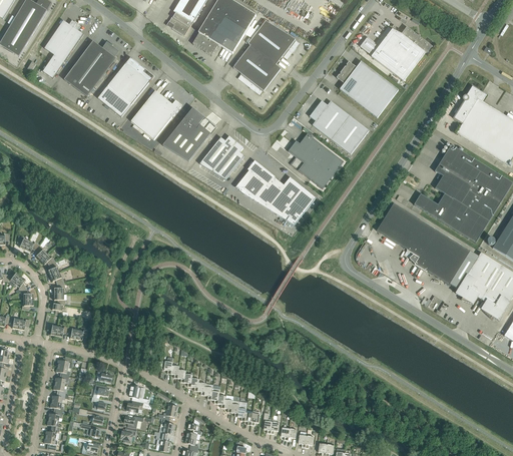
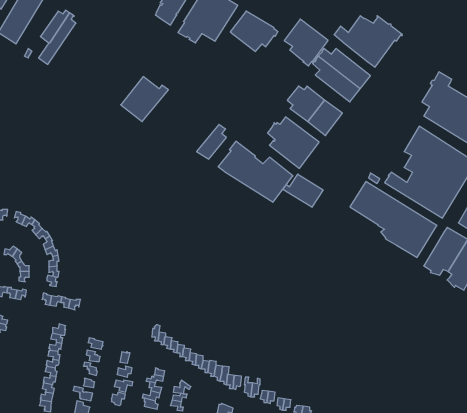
building: [64,40,119,96] -> none
building: [233,44,281,94] -> [284,19,328,66]
building: [98,56,154,116] -> none
building: [163,107,211,160] -> none
building: [199,135,236,170] -> none
building: none -> [283,174,323,207]

